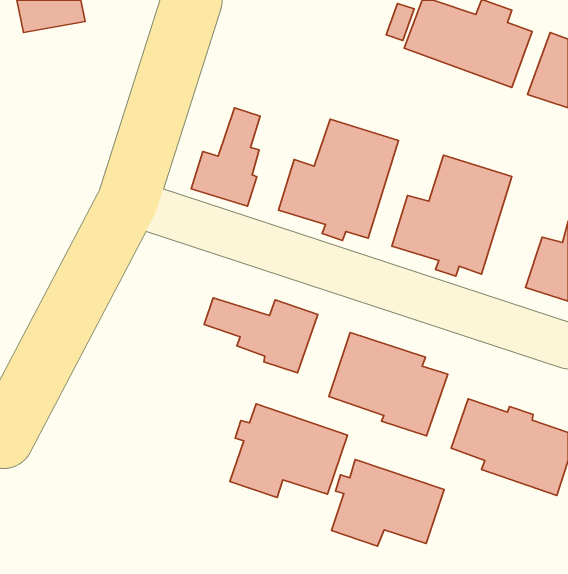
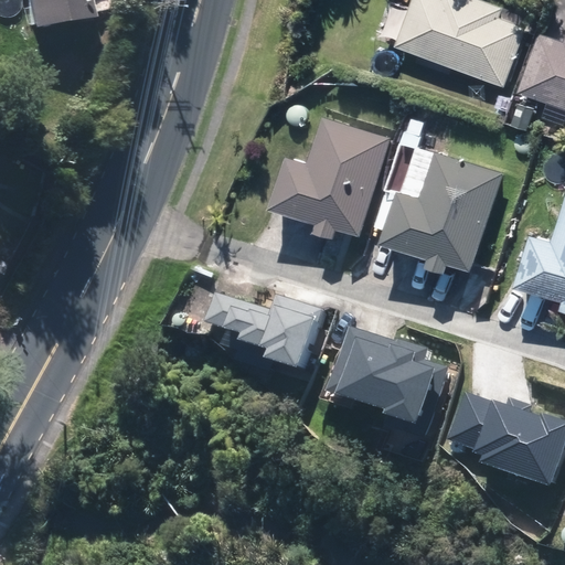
building: [191,108,260,206] -> none
building: [230,404,348,498] -> none
building: [332,460,444,546] -> none

